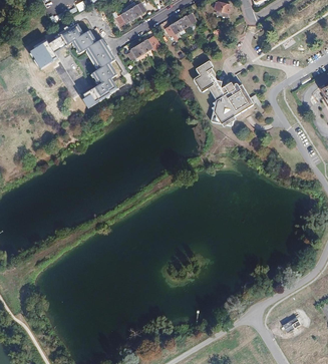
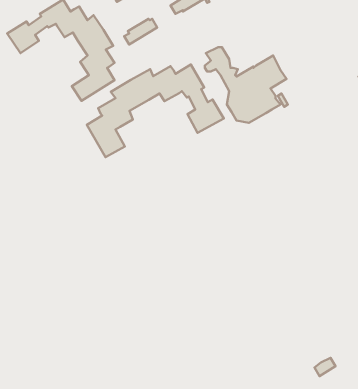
building: none -> [87,65,224,157]

